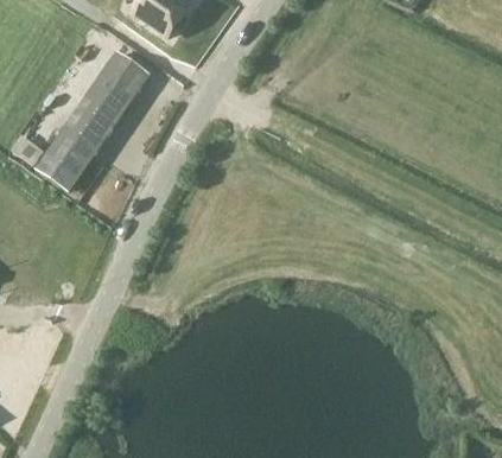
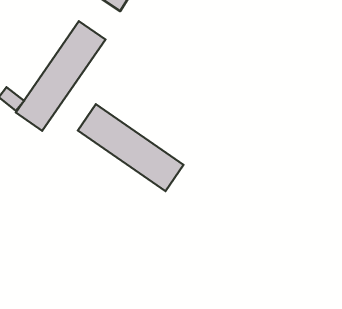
building: none -> [78,104,184,191]

